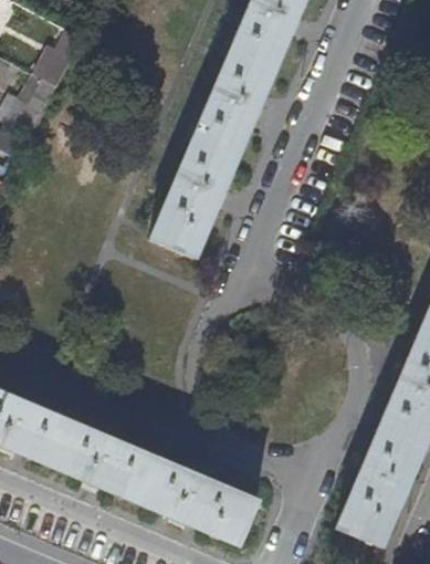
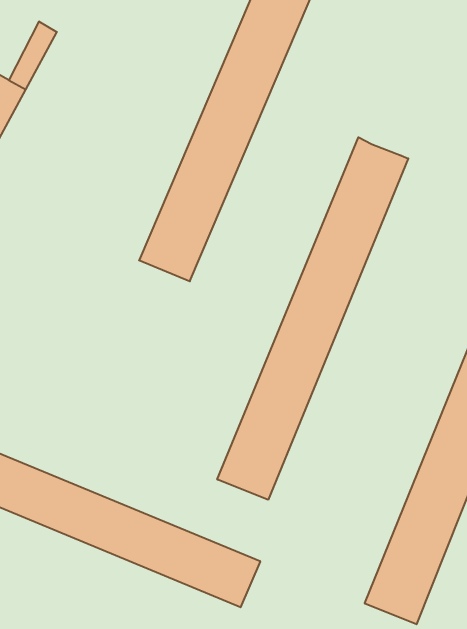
building: none -> [217,137,408,500]

